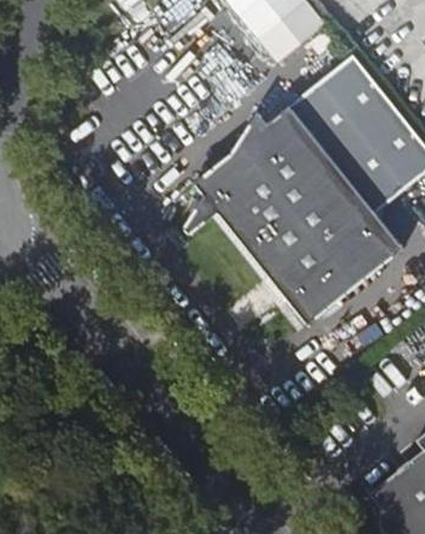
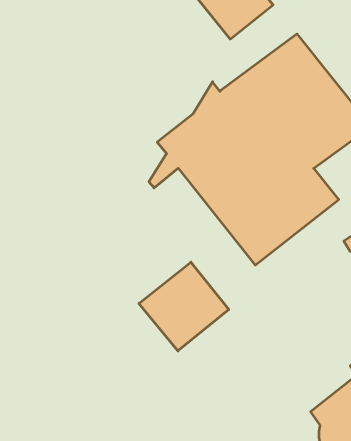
building: none -> [139,262,229,351]

